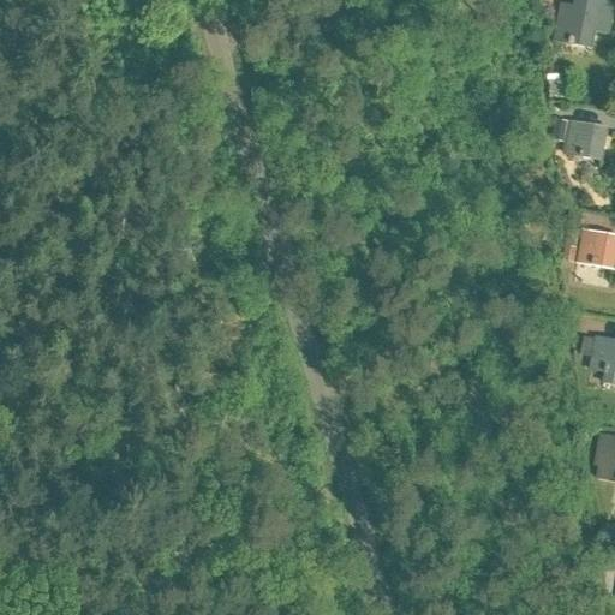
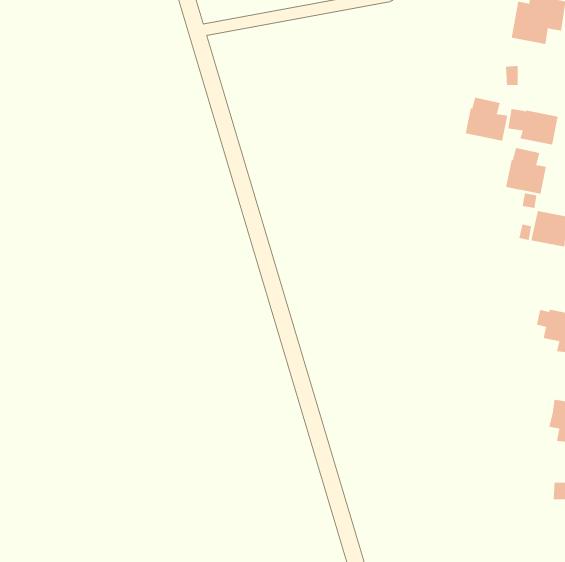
building: none -> [465,97,508,141]
building: none -> [506,147,546,195]

